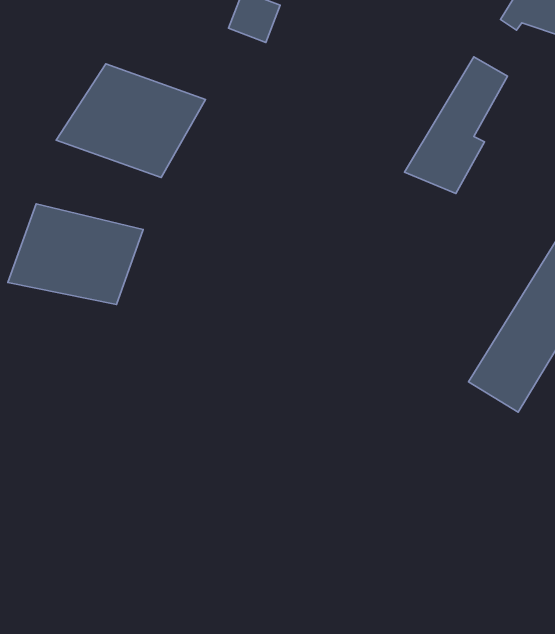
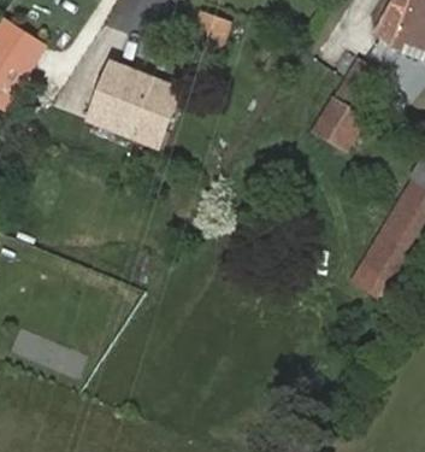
building: [8,204,143,304] -> none

